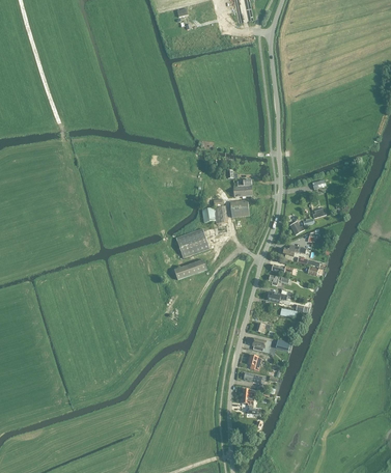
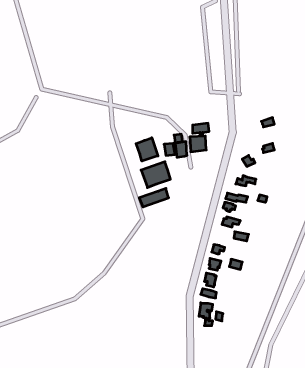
building: none -> [136,138,158,161]

